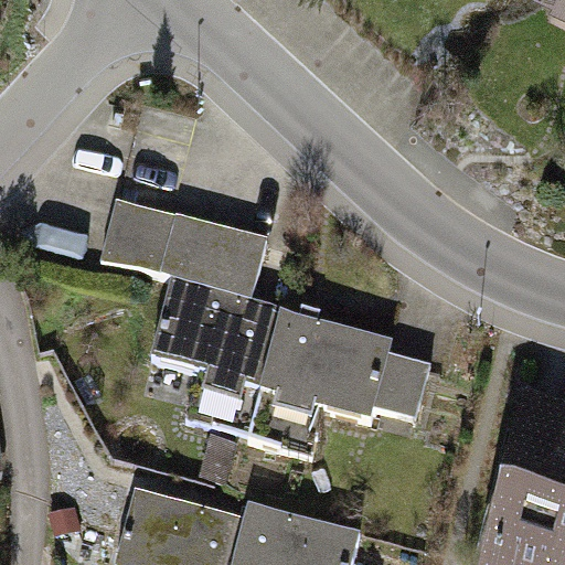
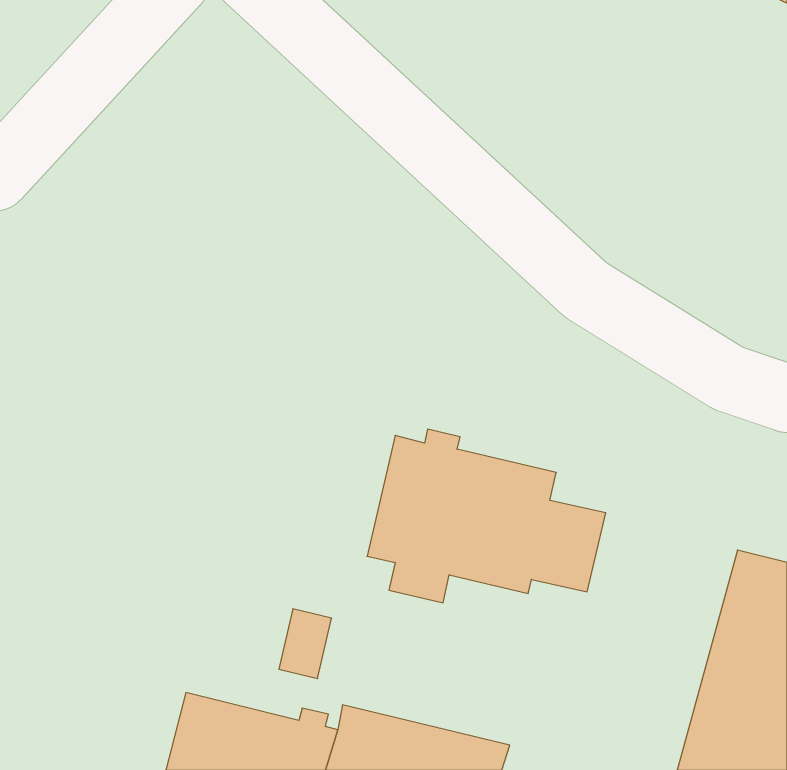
building: [102,201,281,408] -> none

